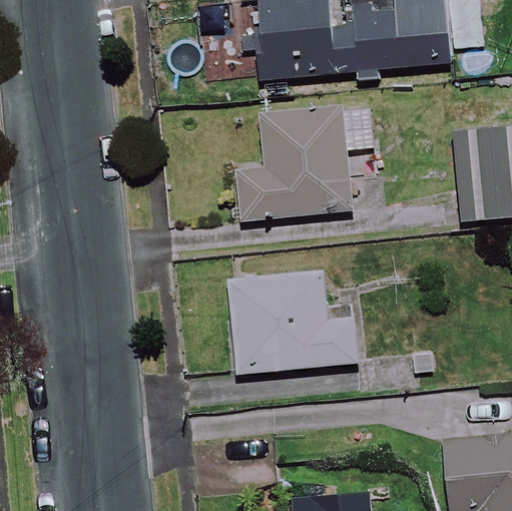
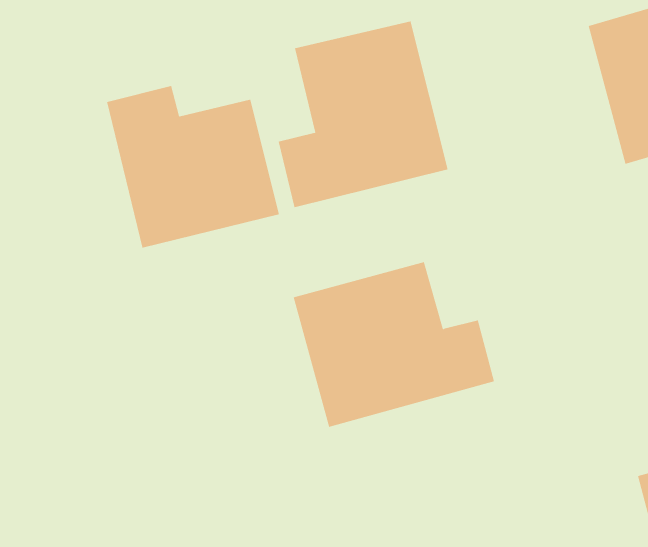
building: none -> [107,85,279,249]

